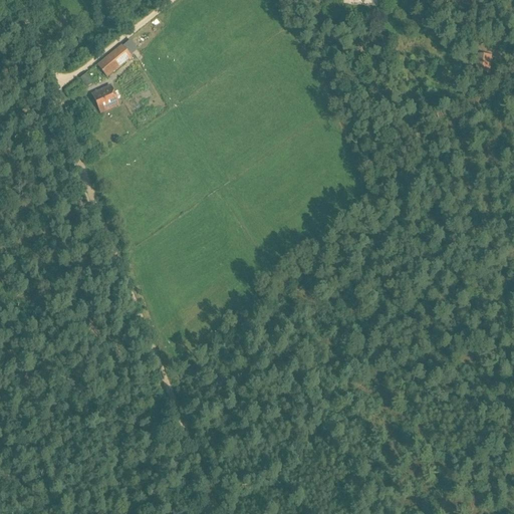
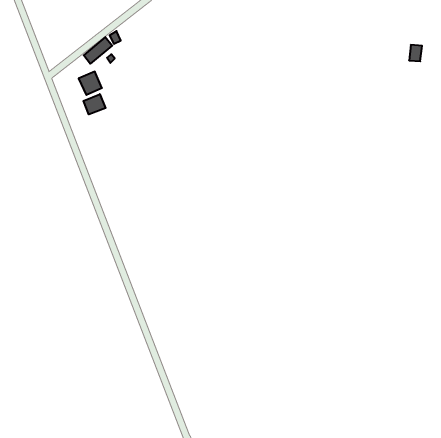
building: none -> [83,94,106,114]

